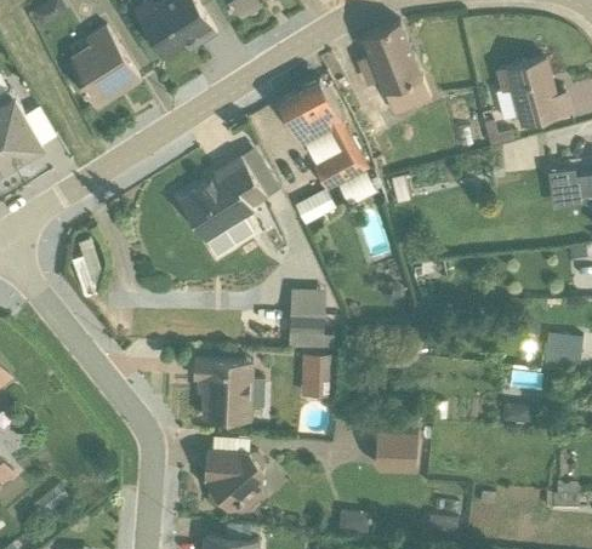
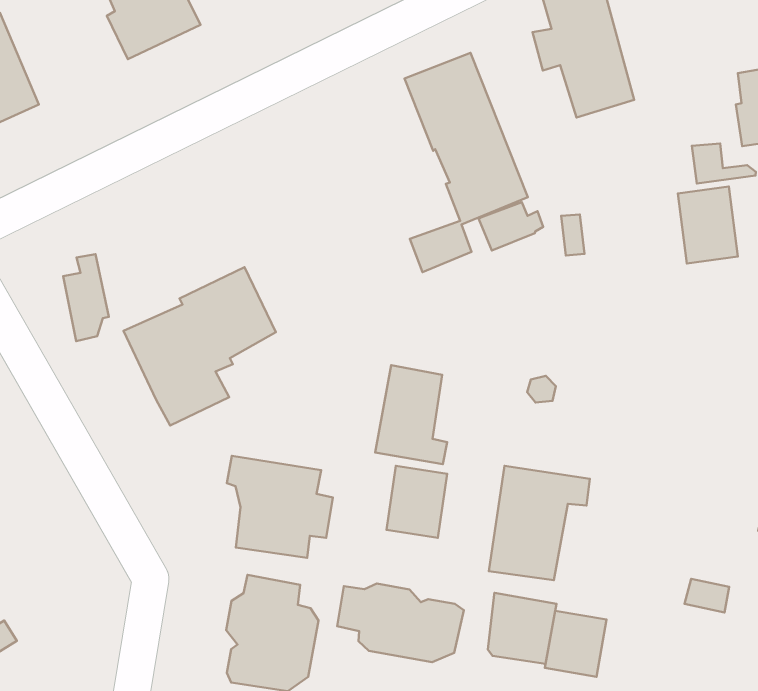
building: none -> [678,186,738,264]
building: [180,148,279,257] -> [124,267,276,426]
building: none -> [489,466,590,580]
building: none -> [337,583,464,662]
building: none -> [545,611,607,677]

